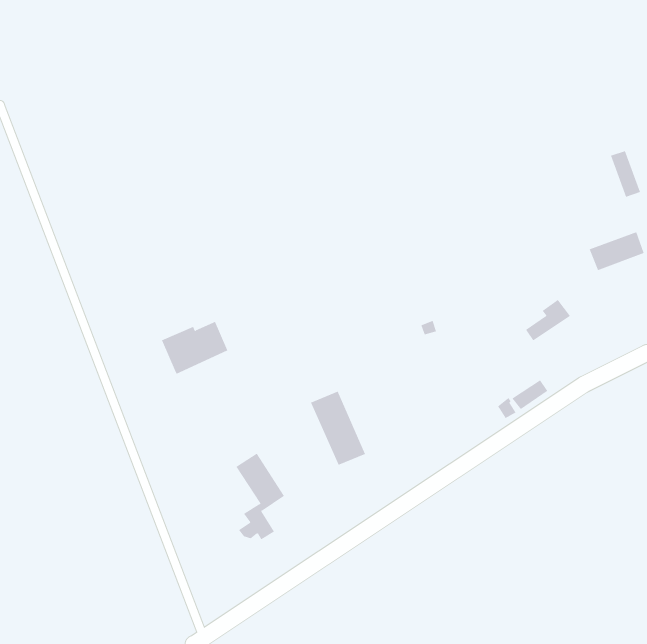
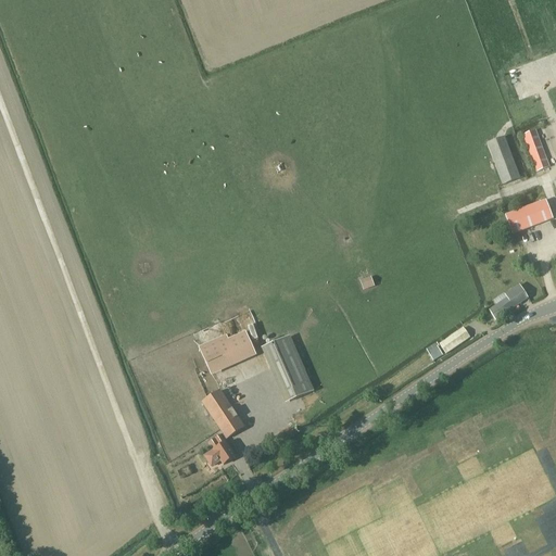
building: none -> [486,135,520,184]
building: [525,299,571,341] -> [490,282,529,318]
building: [161,321,228,374] -> [199,329,256,375]

